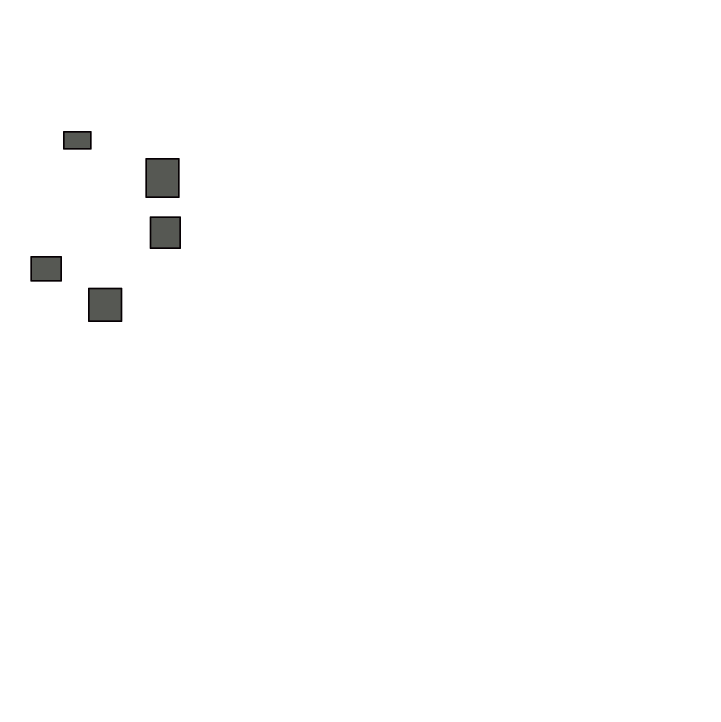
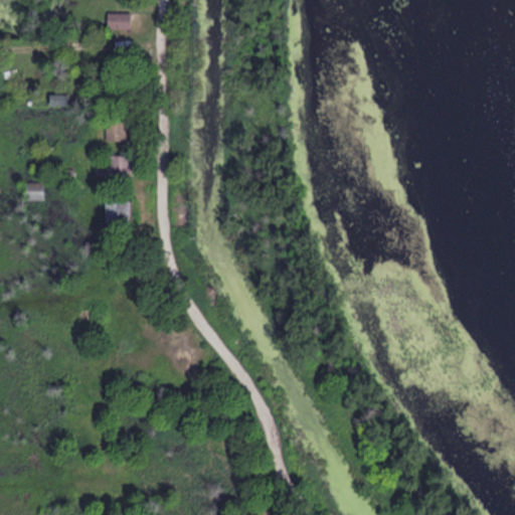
building: none -> [107,14,132,31]
building: [89,288,122,321] -> [104,200,127,223]

